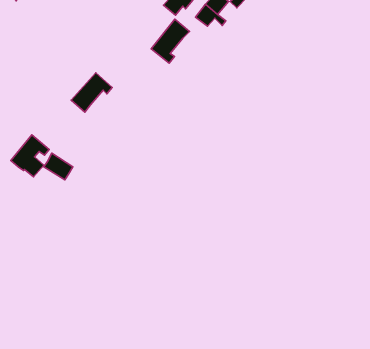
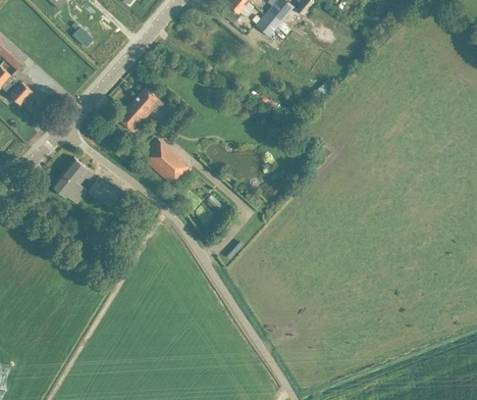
building: [151,19,189,63] -> none
building: none -> [140,138,190,187]

